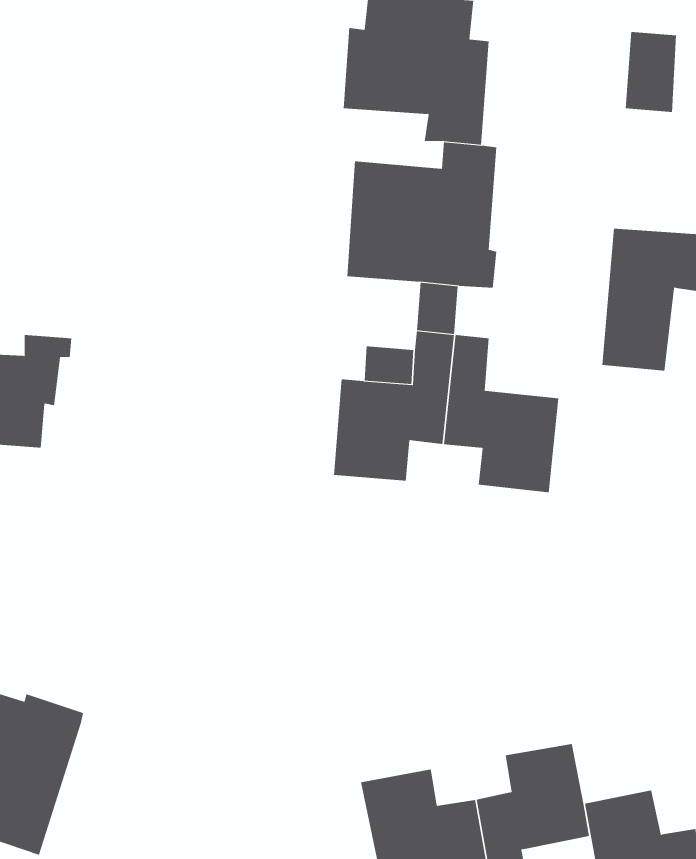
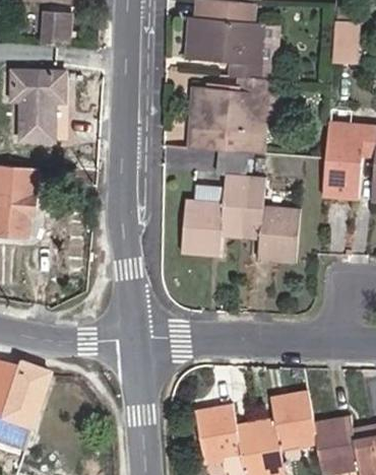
building: none -> [42,10,74,46]
building: none -> [13,72,65,139]

